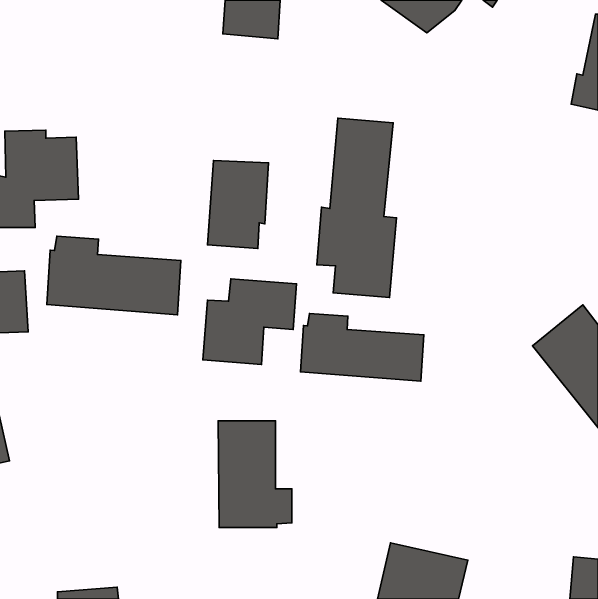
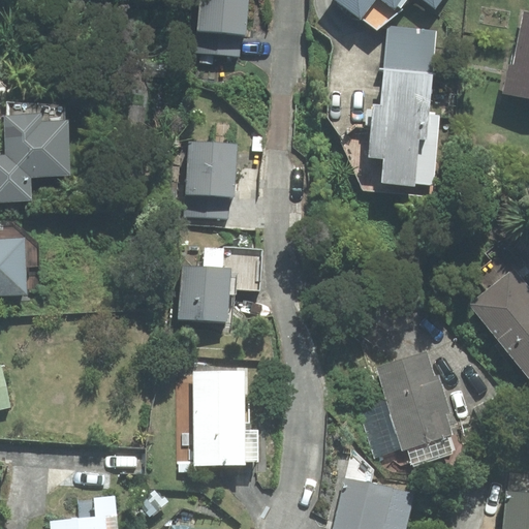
building: [317,118,397,297] -> [369,27,439,185]
building: [47,236,181,315] -> none
building: [301,314,424,381] -> none
building: none -> [357,351,457,465]

